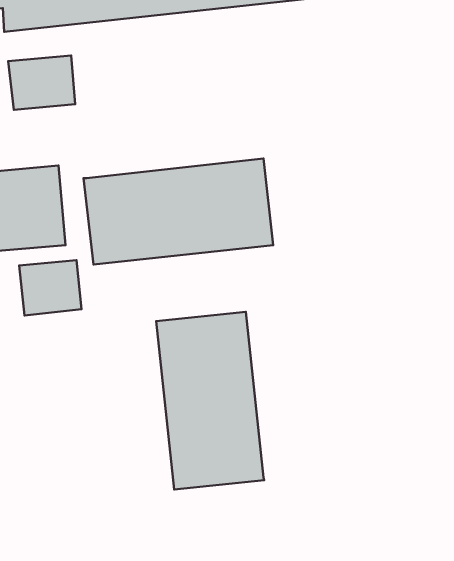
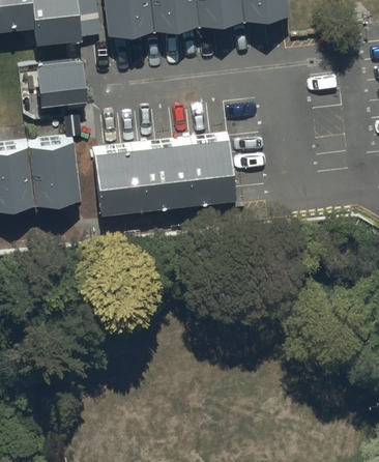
building: [19,260,82,316] -> none
building: [156,312,264,489] -> none

